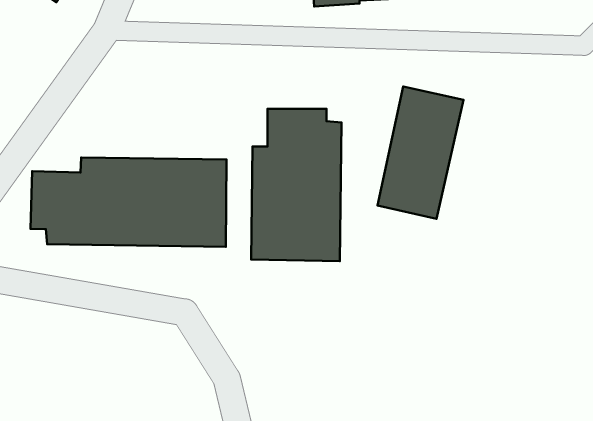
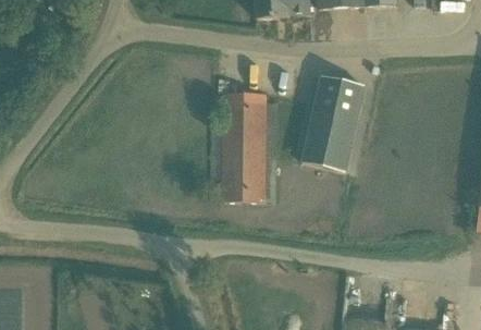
building: [30,158,226,247] -> none

